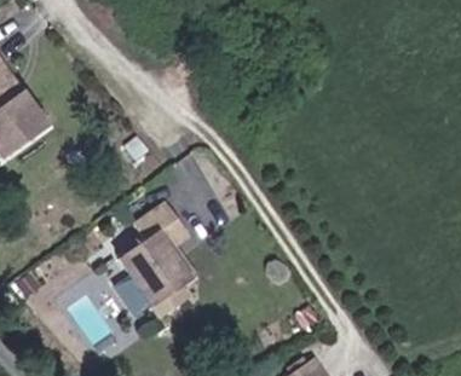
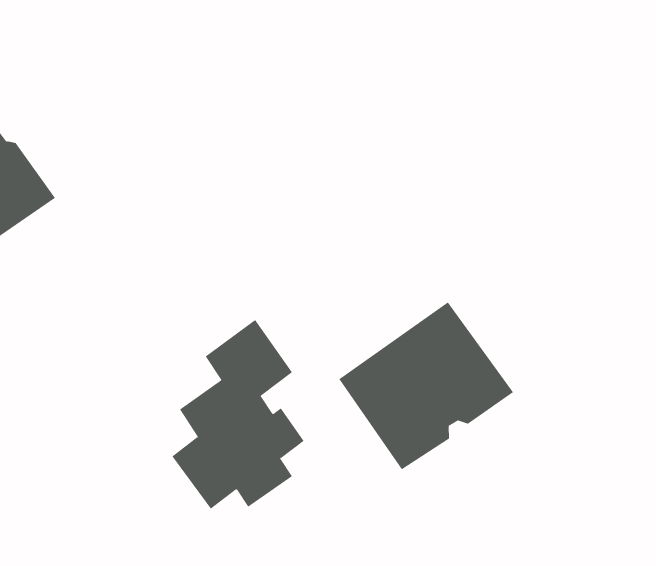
building: none -> [338,302,514,470]

